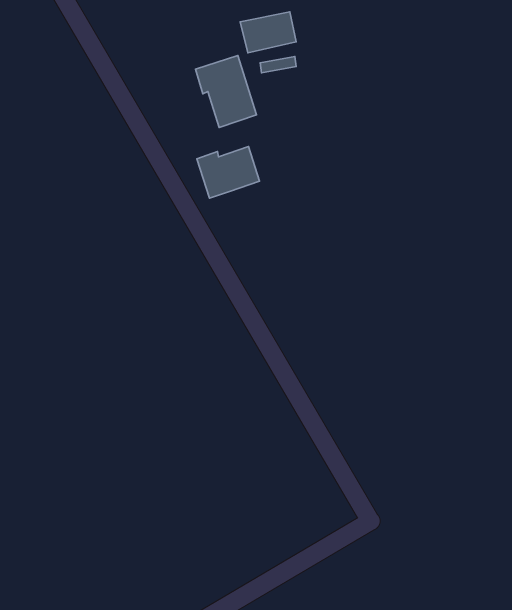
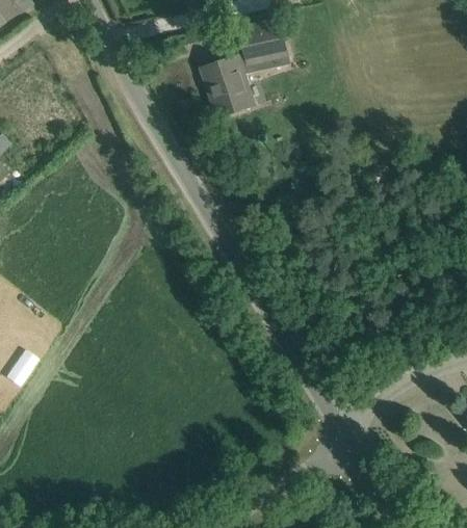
building: [197,147,259,198] -> none

